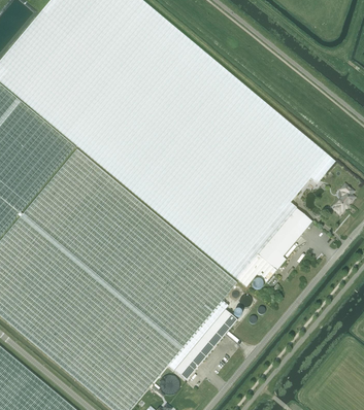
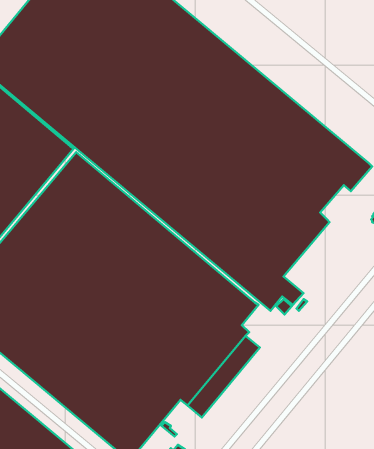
building: [257,208,312,270] -> none

